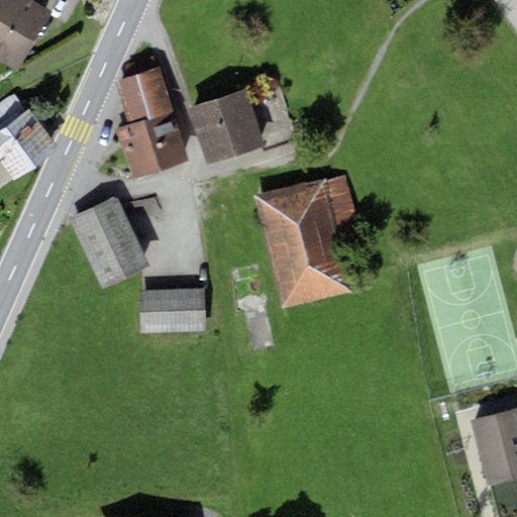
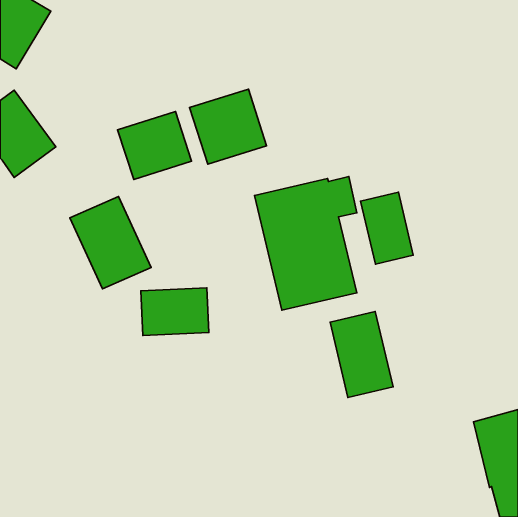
building: [115,56,174,123] -> none
building: none -> [361,192,413,264]
building: none -> [330,311,393,398]

